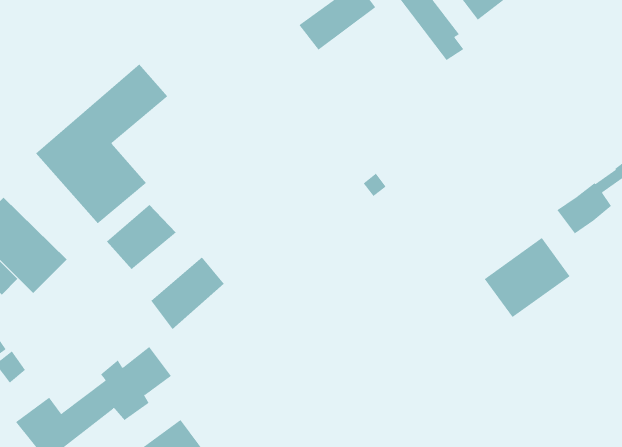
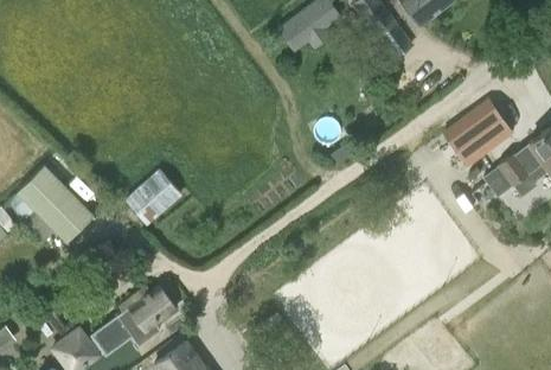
building: [35,64,168,224] -> none
building: [484,237,570,318] -> [444,100,513,164]
building: [150,256,224,330] -> none

